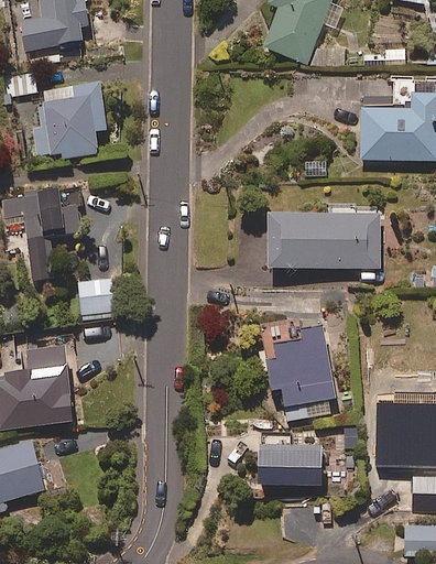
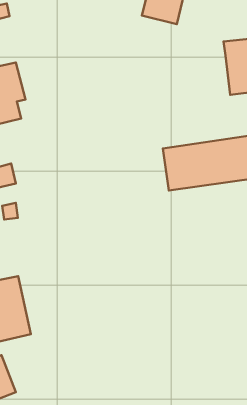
building: [78,278,115,314] -> none
building: [266,325,338,417] -> none
building: [259,445,321,486] -> none

